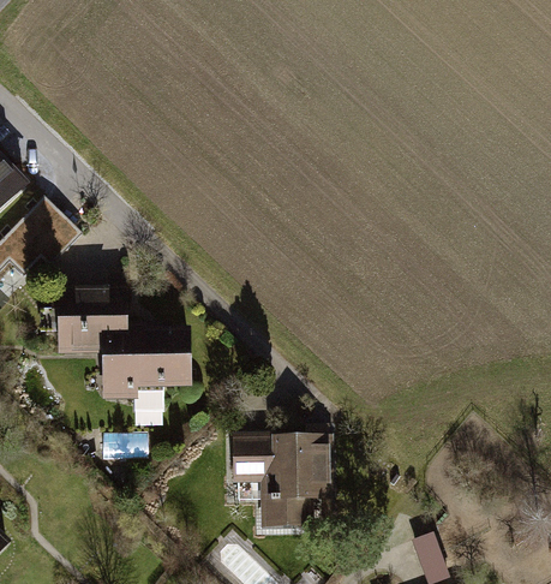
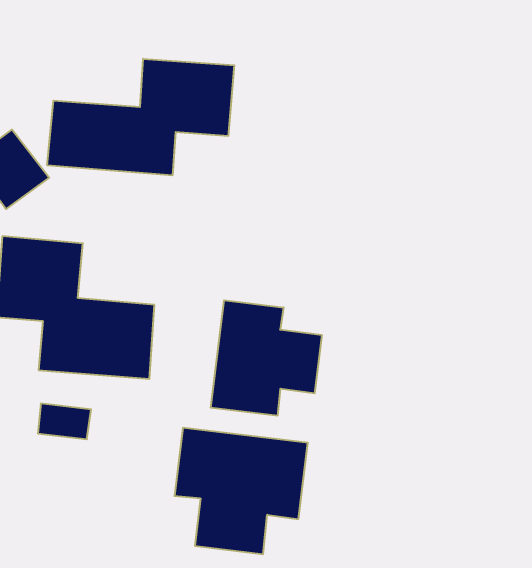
building: none -> [47,59,234,175]
building: none -> [211,300,322,416]

